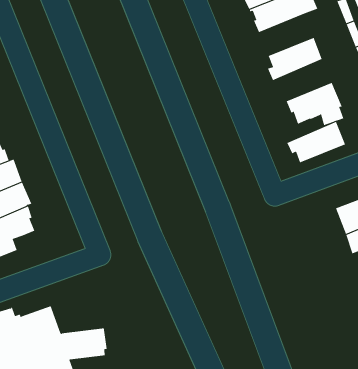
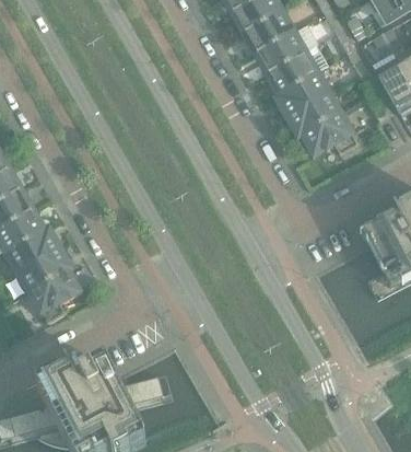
building: none -> [265,49,318,94]
building: [286,121,346,163] -> [284,90,341,135]

